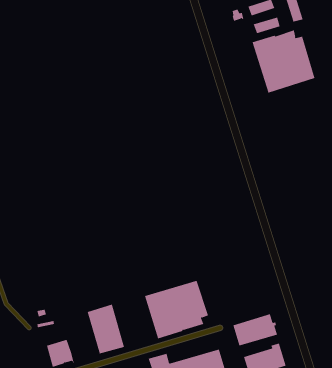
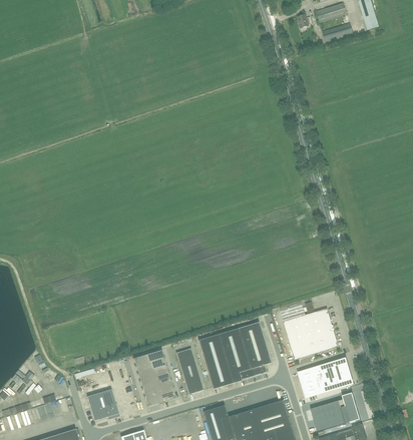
building: [252,30,315,93] -> none
building: none -> [283,302,338,360]
building: none -> [175,348,202,394]

